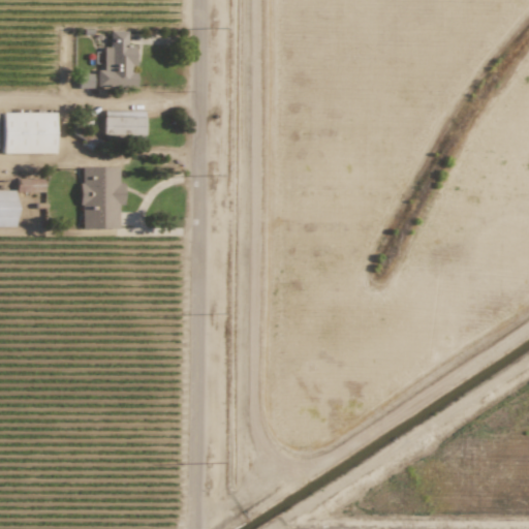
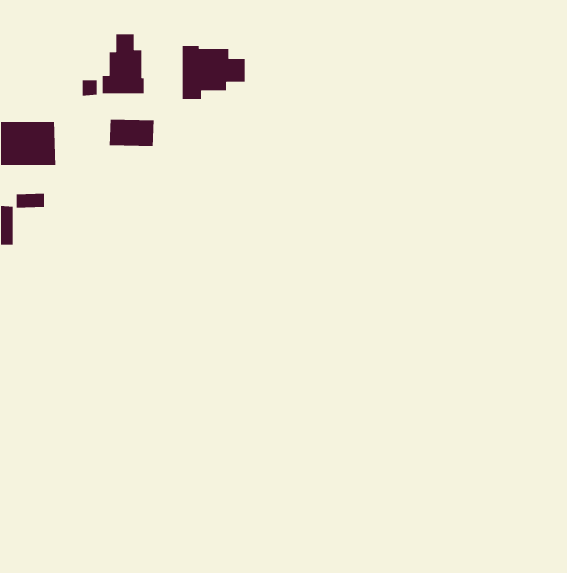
building: none -> [182,45,246,100]
building: [83,166,126,228] -> none

